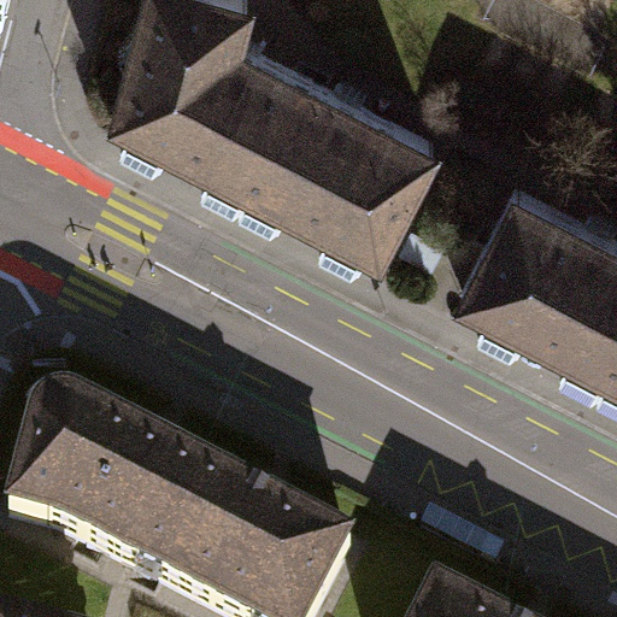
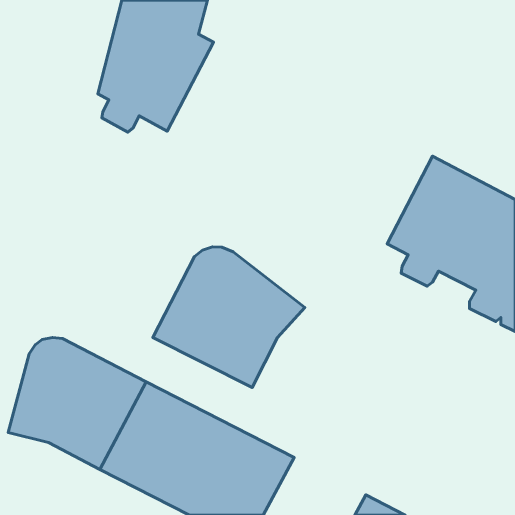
building: [200,51,435,260] -> none
building: none -> [153,247,305,388]

